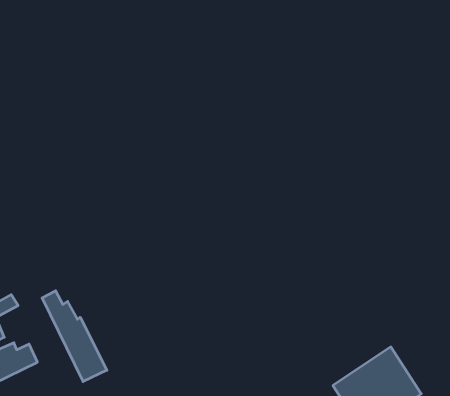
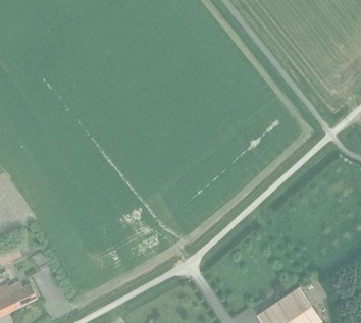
building: [42,291,107,382] -> none

